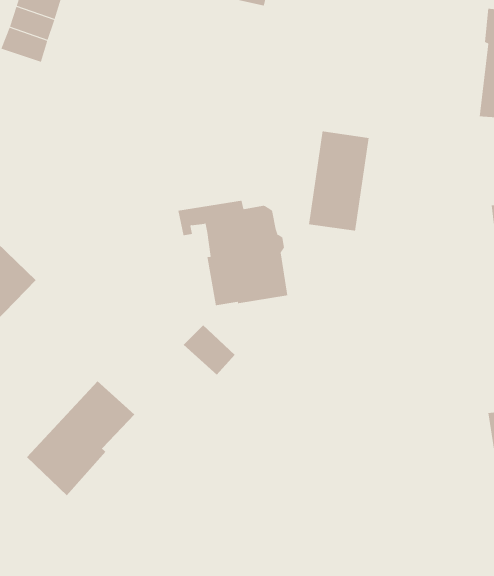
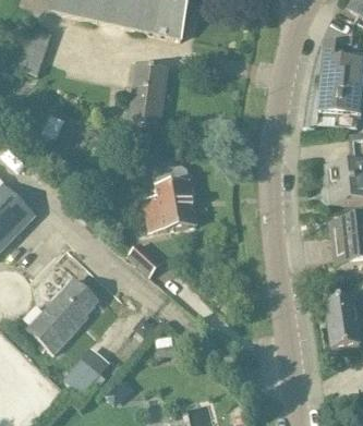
building: [308,131,370,231] -> [129,63,168,127]
building: none -> [65,358,99,393]

